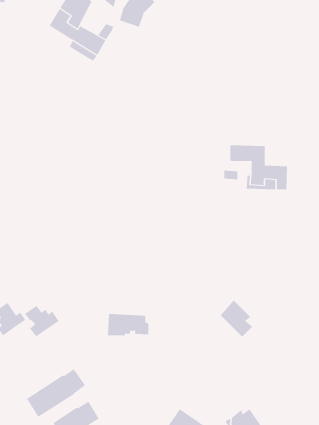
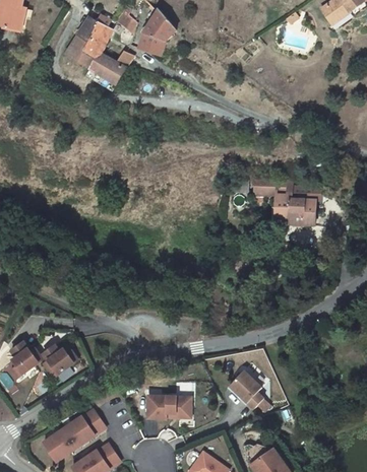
building: [220,299,253,337] -> [229,368,263,408]
building: [107,313,149,336] -> [146,394,190,417]

